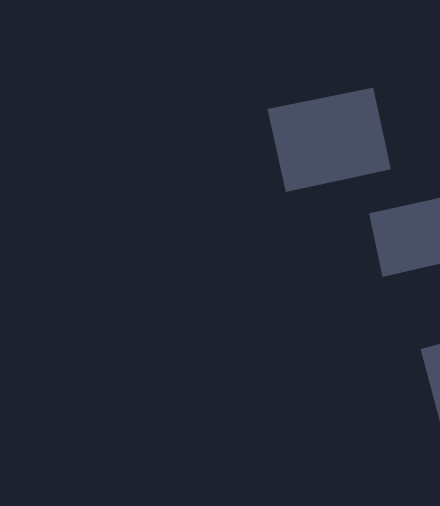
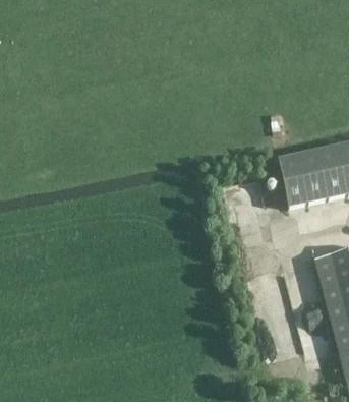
building: [267,87,392,193] -> none

